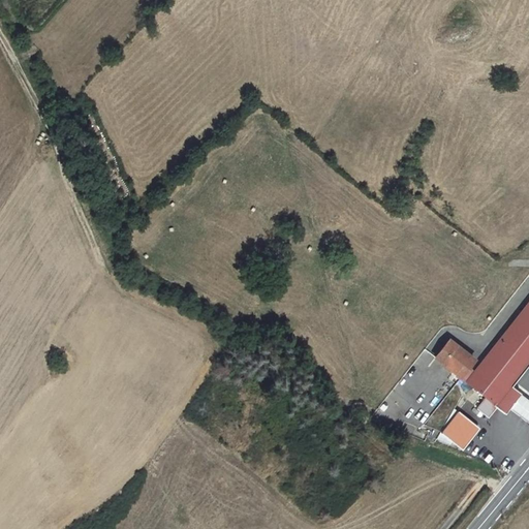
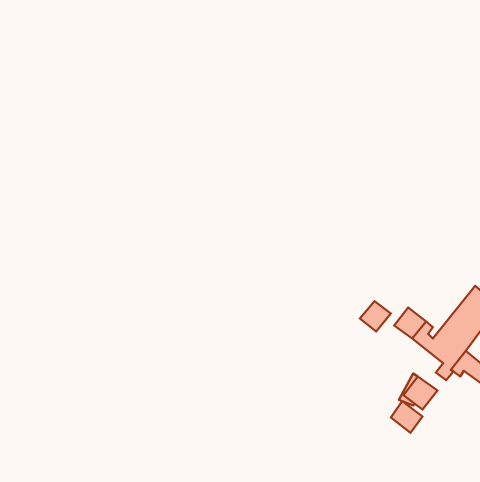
building: none -> [360,301,391,332]
building: none -> [391,401,423,433]

